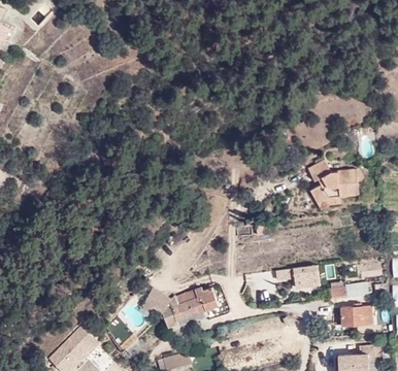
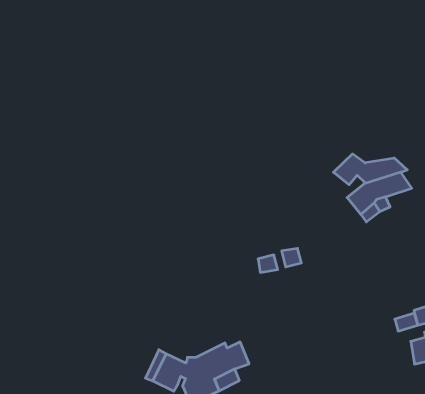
building: [275,264,320,288] -> none

